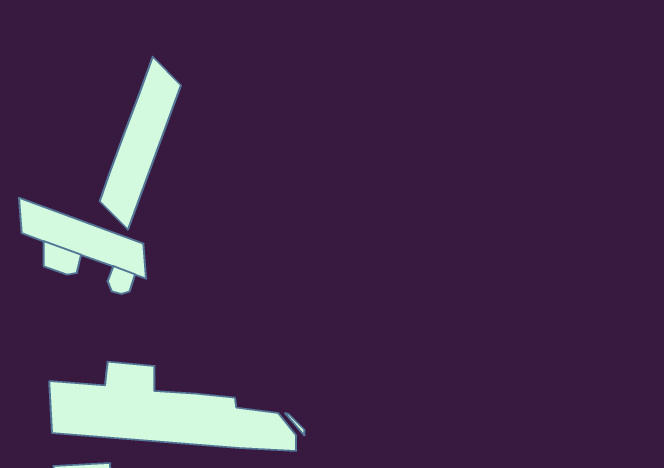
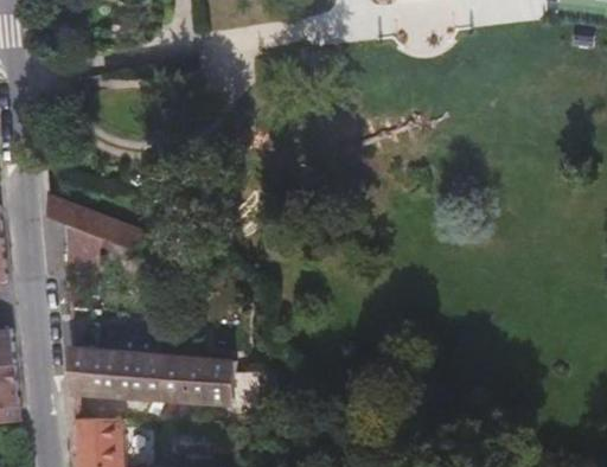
building: [100,57,181,230] -> none

